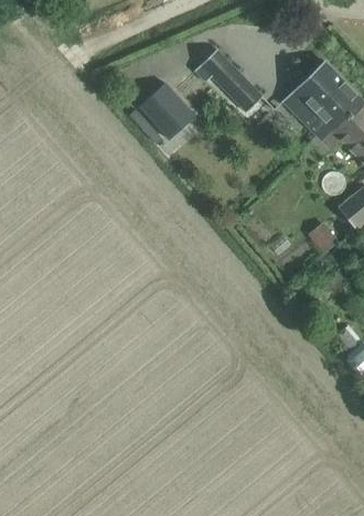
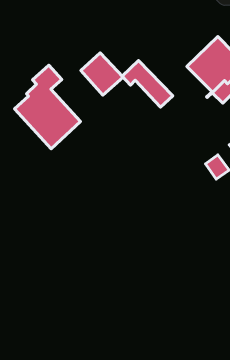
building: [195,50,264,112] -> [122,61,173,107]
building: none -> [14,65,81,149]

